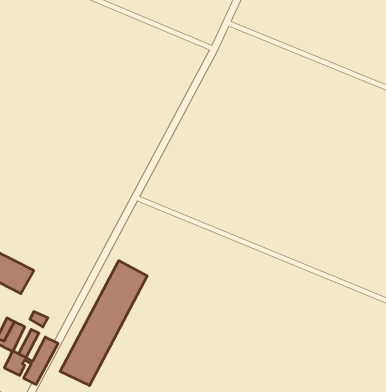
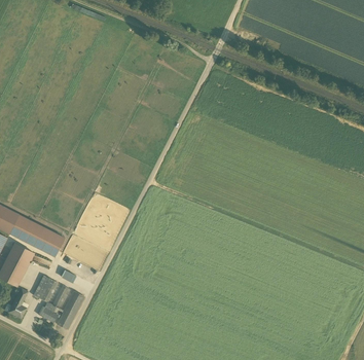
building: [60,261,147,386] -> none

